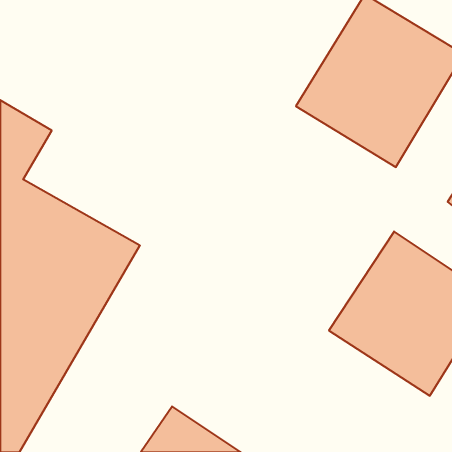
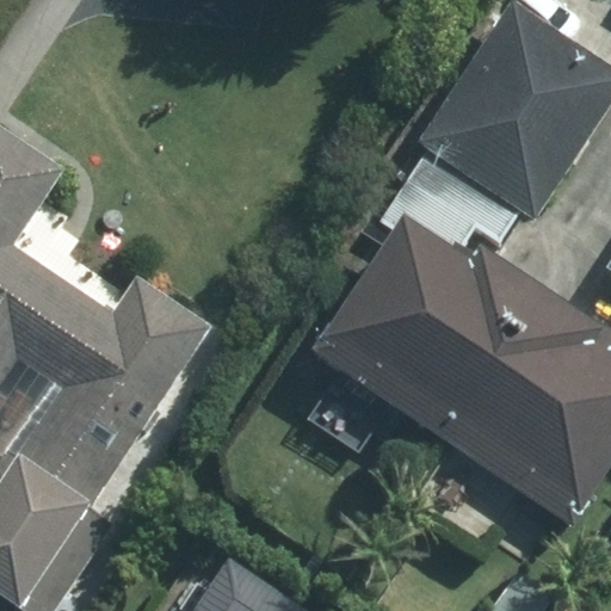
building: none -> [310,222,532,442]

